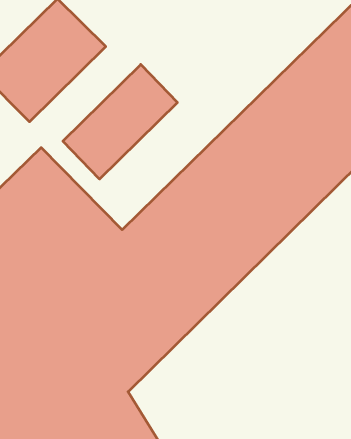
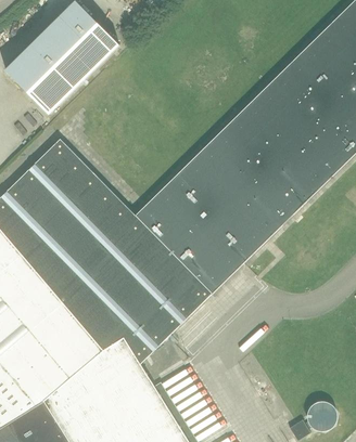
building: [63,64,177,179] -> none

